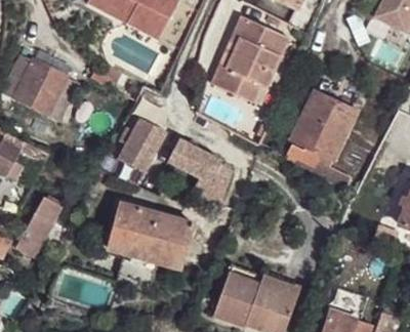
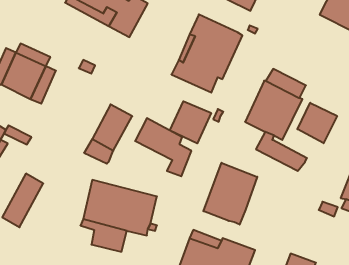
building: none -> [170,101,211,143]
building: none -> [297,103,337,143]
building: none -> [203,163,257,225]

